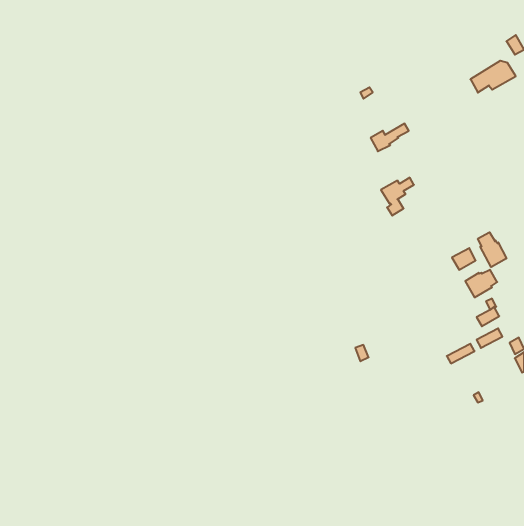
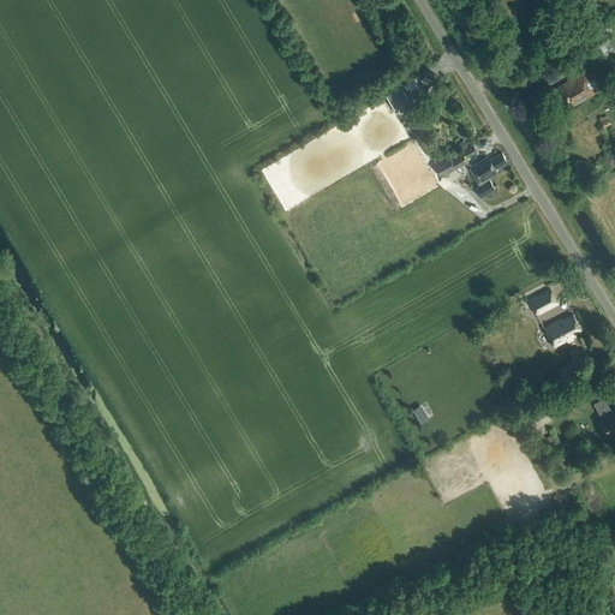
building: [381,178,414,216] -> [467,153,506,197]
building: [478,232,506,267] -> none

